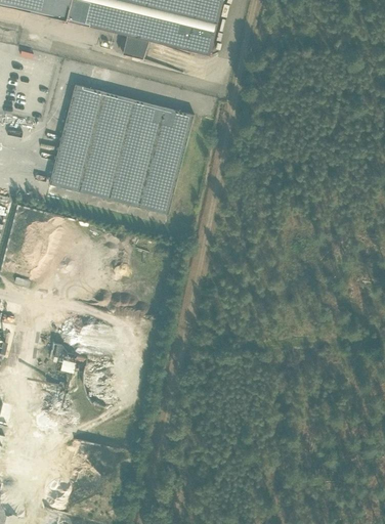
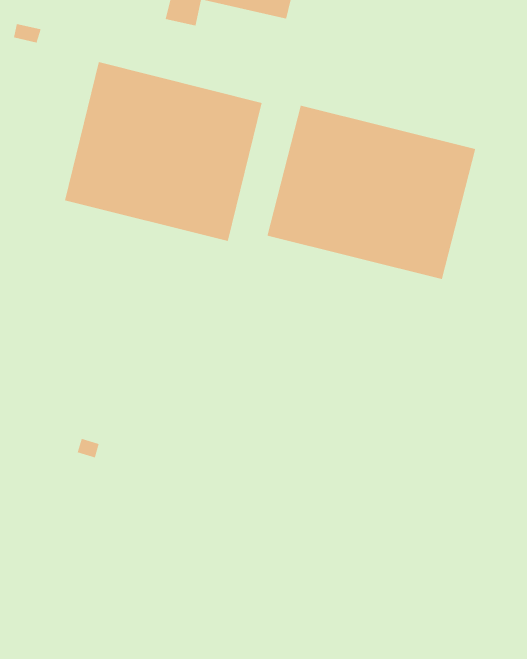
building: none -> [267,105,476,280]

